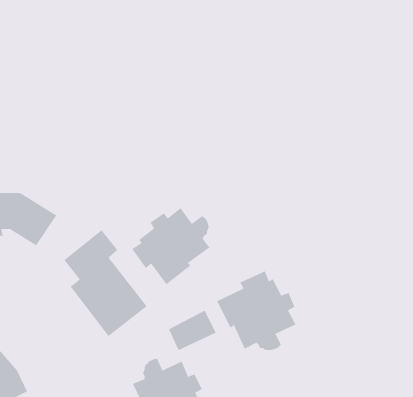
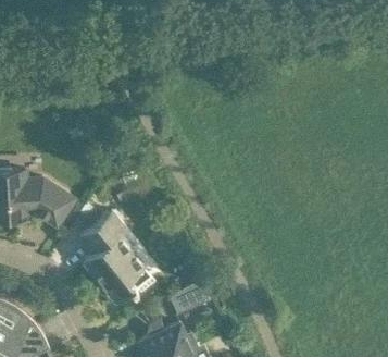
building: [131,207,210,285] -> none
building: [216,270,296,351] -> none

